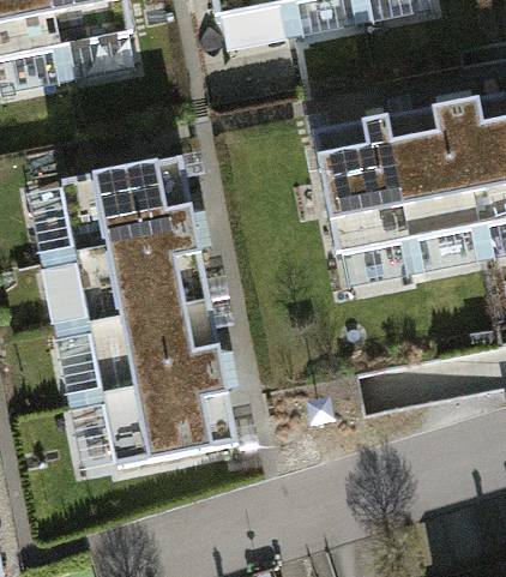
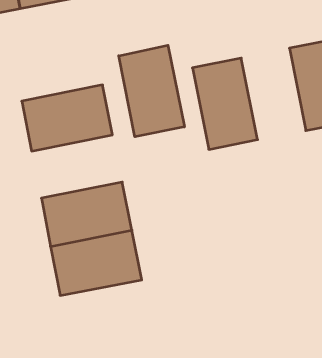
building: none -> [119,45,184,137]
building: [385,108,480,242] -> none
building: [77,235,210,329] -> none

